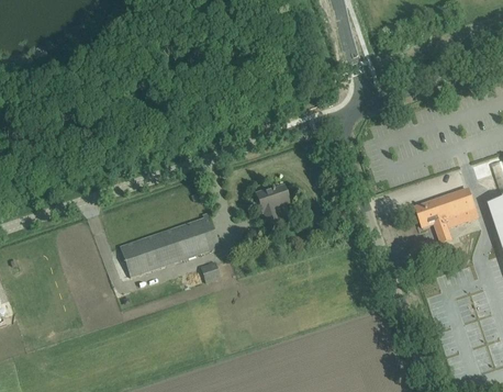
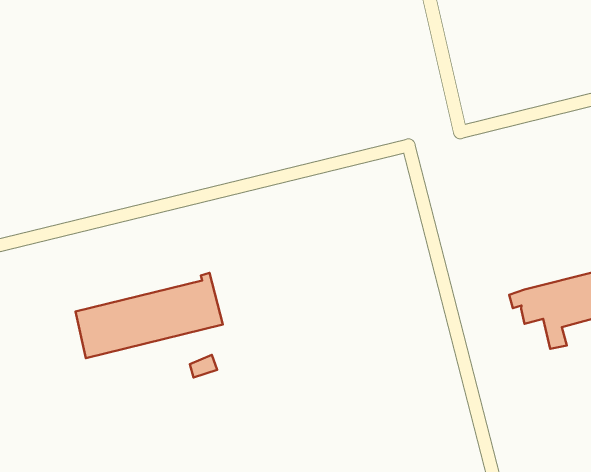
building: [256,186,289,224] -> none

